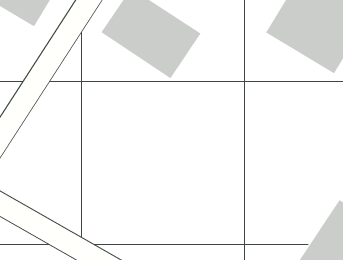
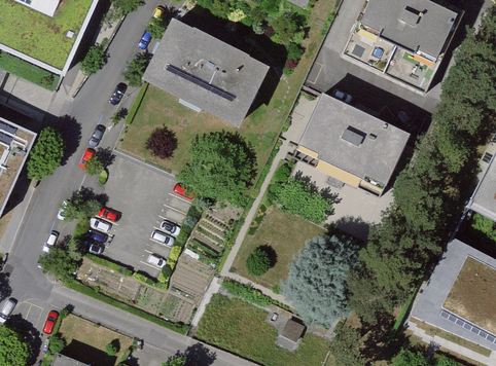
building: none -> [292,88,409,184]

